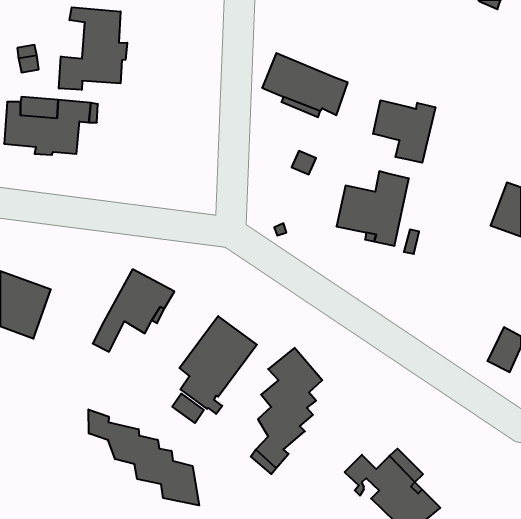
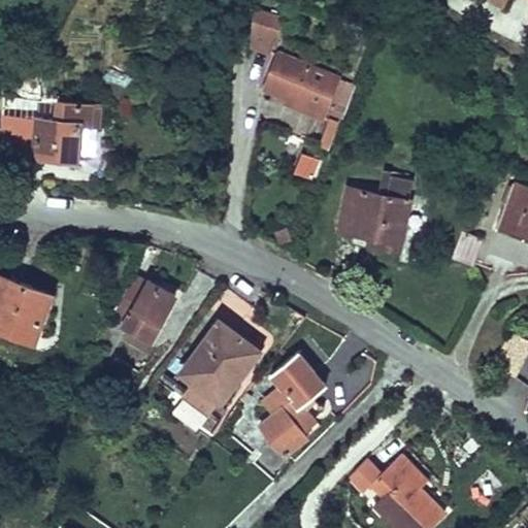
building: [59,7,127,90] -> none
building: none -> [252,11,283,55]
building: [373,100,435,163] -> none
building: [88,409,199,505] -> none

